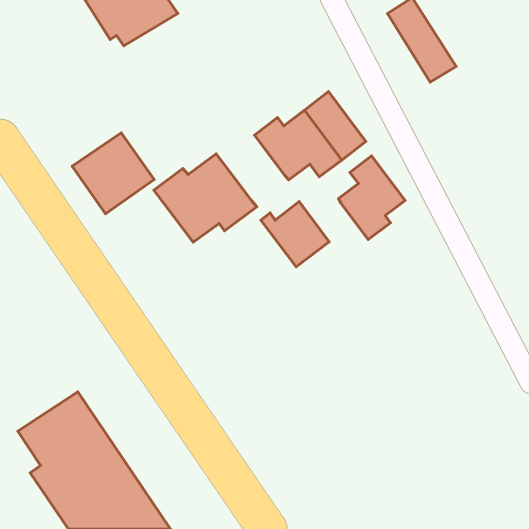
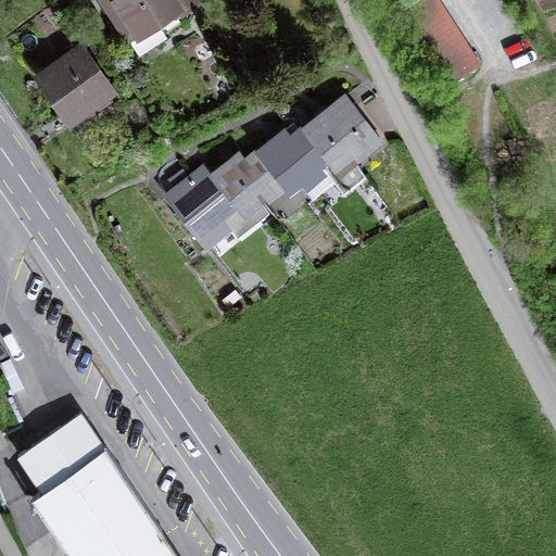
building: [72,133,154,214] -> [29,48,115,132]
building: [338,156,405,239] -> none
building: [261,201,329,267] -> [228,141,300,210]

